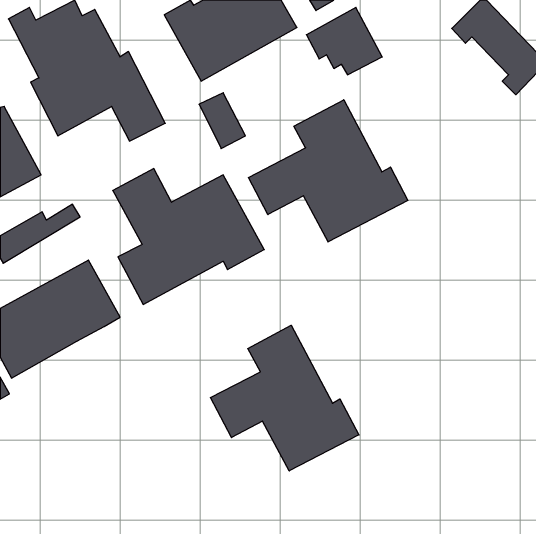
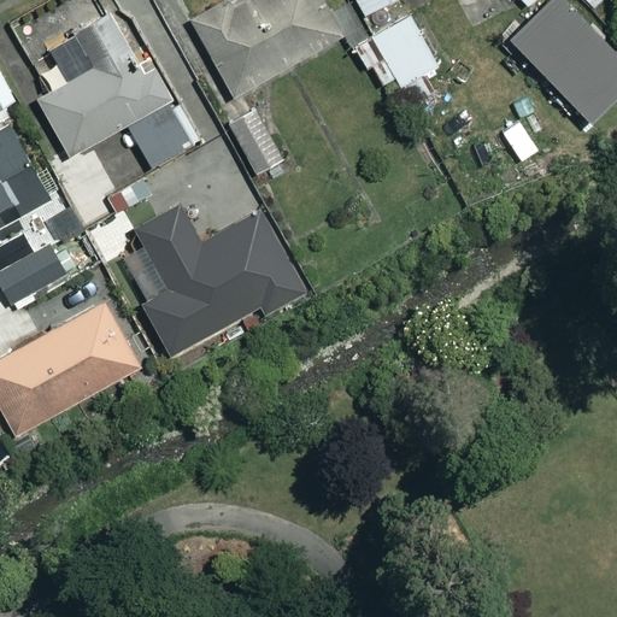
building: [248,100,408,242] -> none
building: [210,325,359,471] -> none

